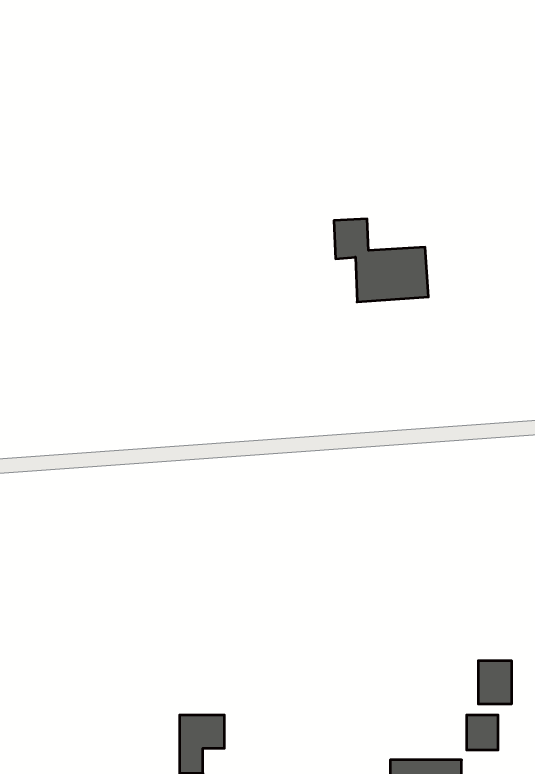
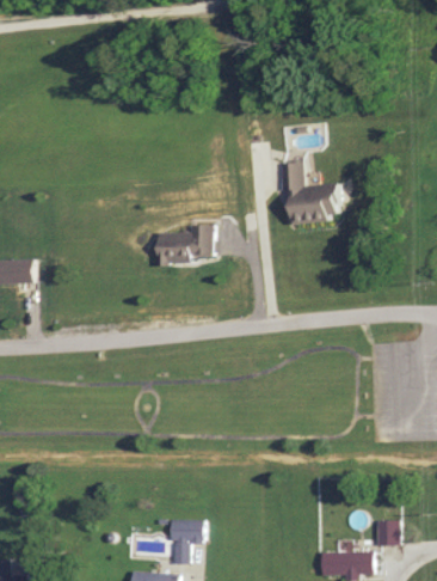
building: none -> [156,225,211,264]
building: [478,661,511,704] -> none

